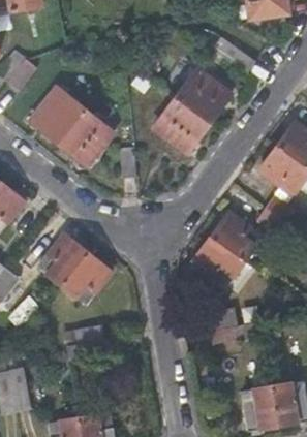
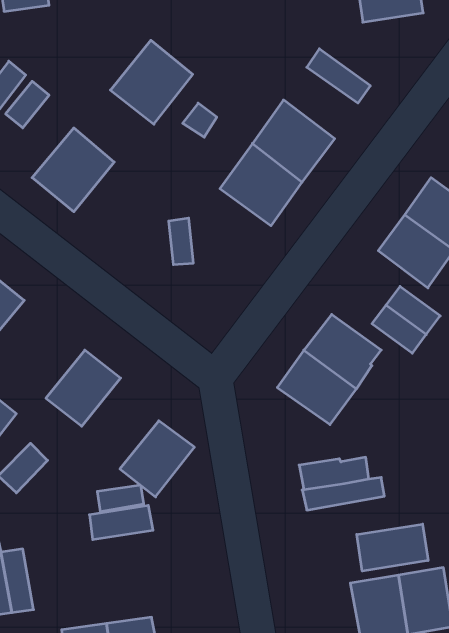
building: [57,111,112,166] -> [110,40,193,124]
building: [62,254,112,305] -> [120,421,194,497]
building: none -> [357,524,428,571]

